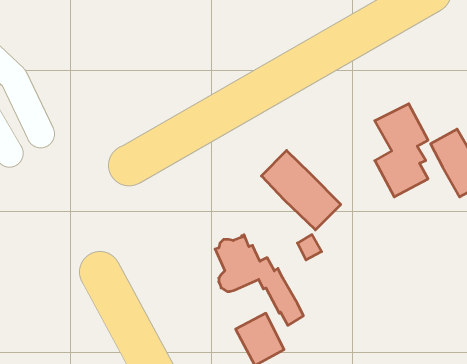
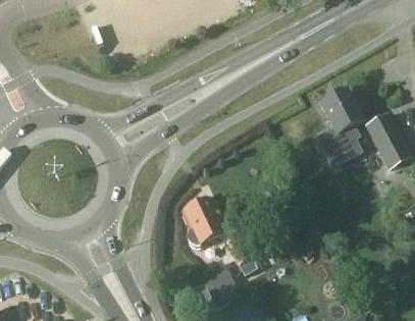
building: [261,150,341,230] -> none

